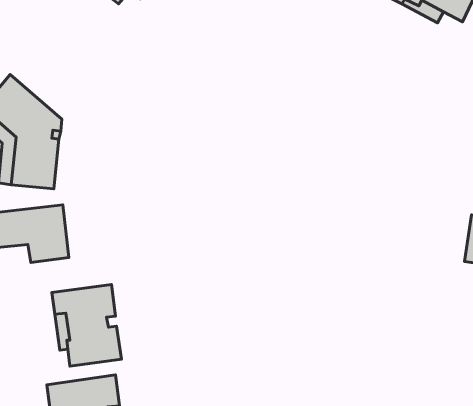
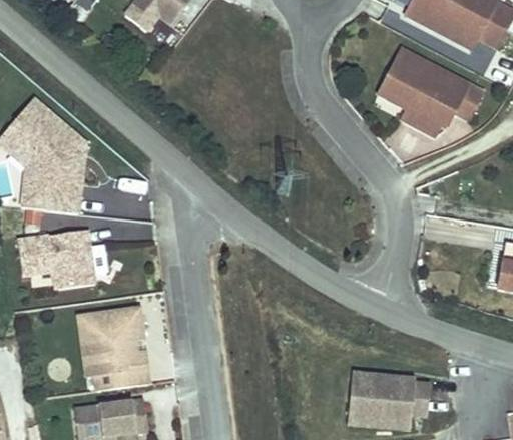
building: none -> [377,48,482,126]
building: none -> [343,371,426,429]

